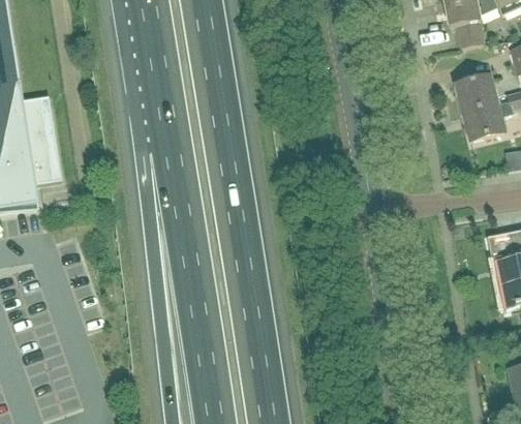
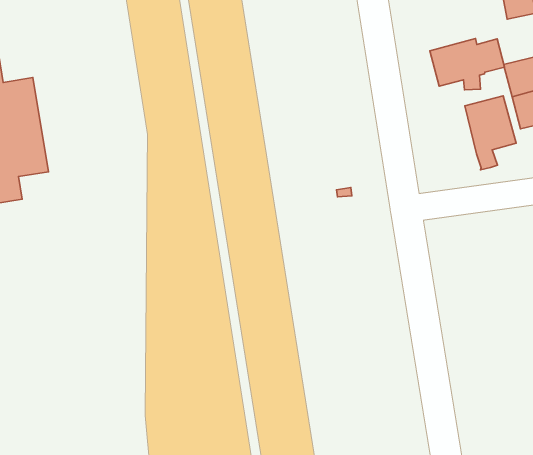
building: none -> [430,39,504,90]
building: none -> [465,96,516,170]

